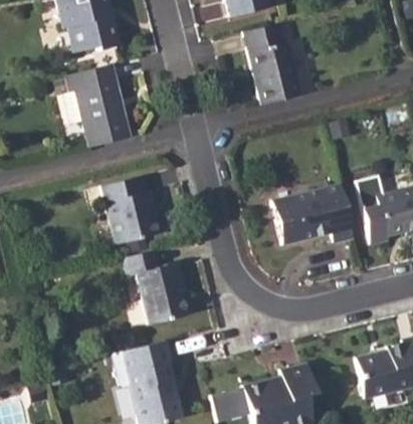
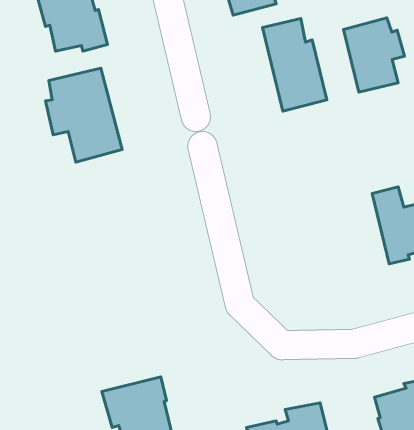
building: none -> [344,18,404,92]
building: [101,176,156,243] -> none
building: [270,184,353,245] -> none
building: [122,250,185,323] -> none

